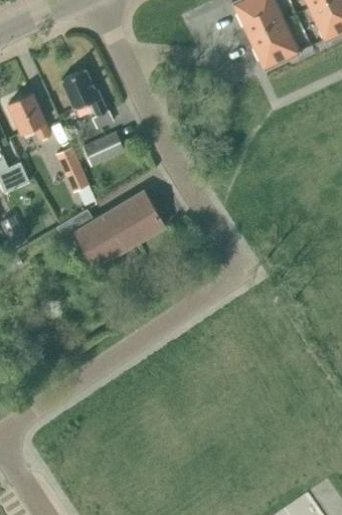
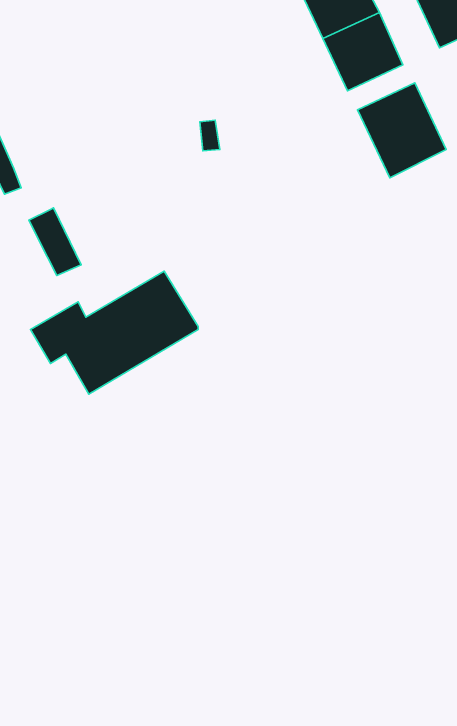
building: none -> [357,83,446,178]
building: [61,68,114,128] -> none
building: [82,132,125,166] -> none

